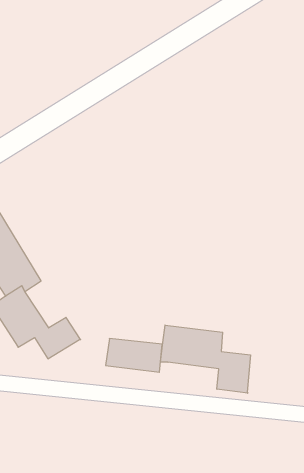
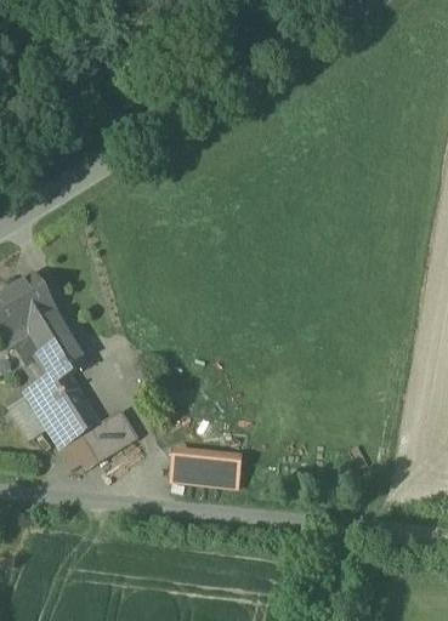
building: [160,325,250,393] -> none

